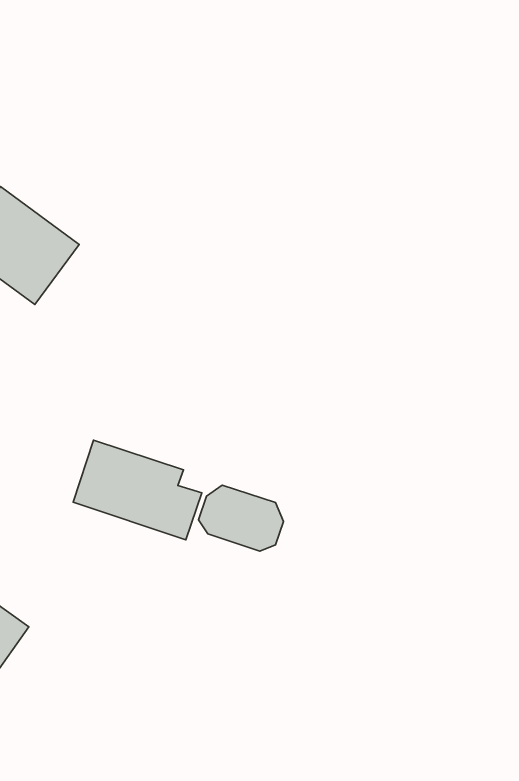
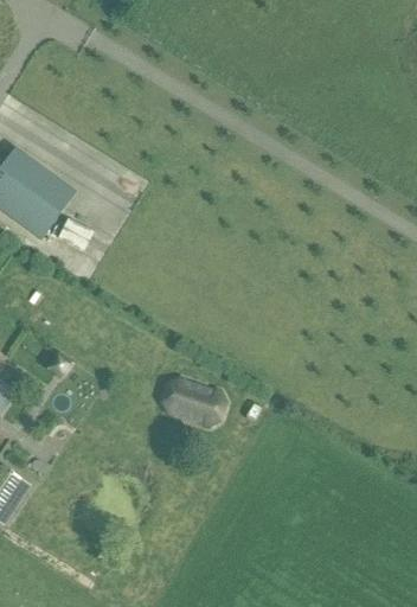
building: [73,440,202,540] -> none

